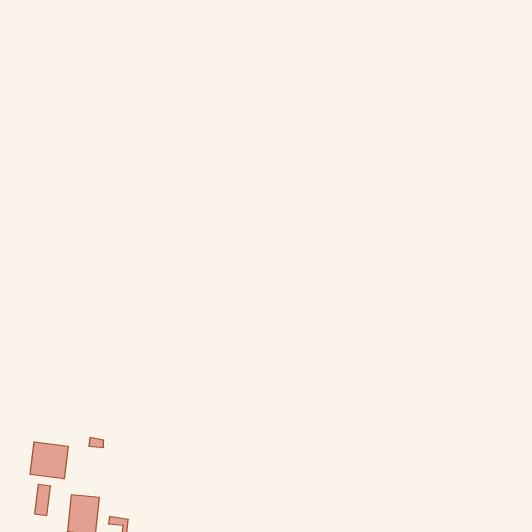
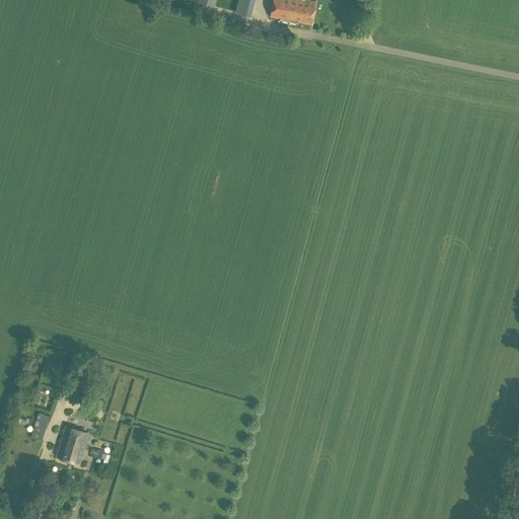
building: [30,442,68,479] -> none

